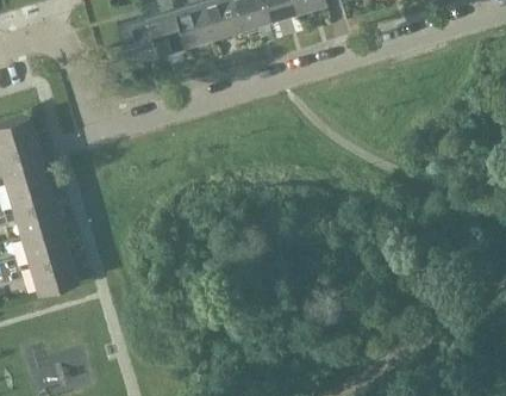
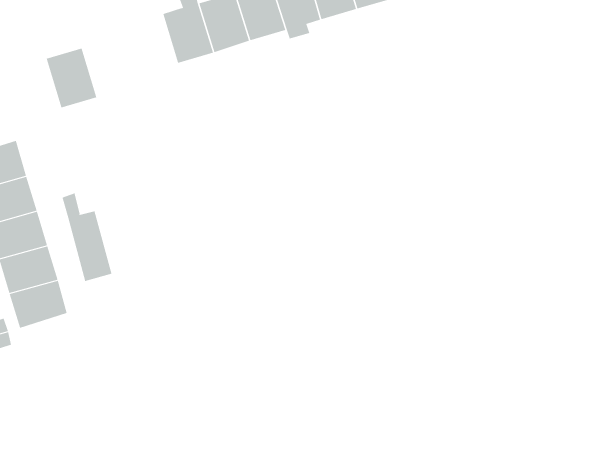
building: [115,16,156,63] -> [46,48,97,108]
building: none -> [62,193,112,282]
building: [31,253,77,293] -> none

